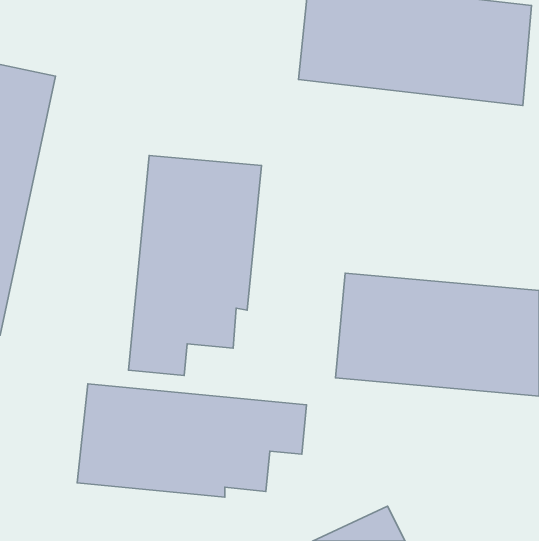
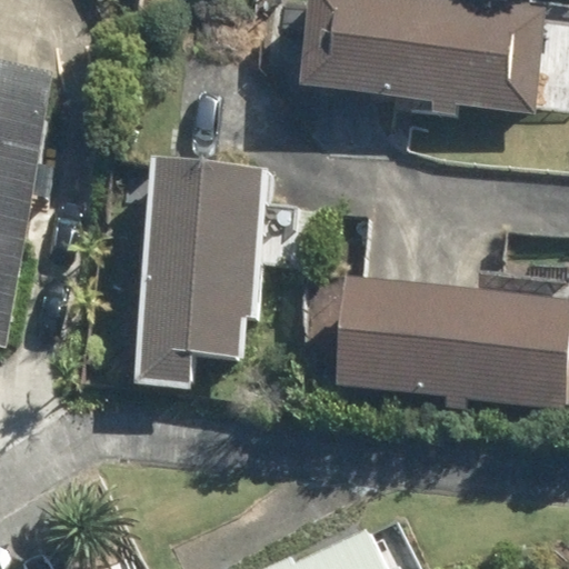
building: [77,384,307,497] -> none

